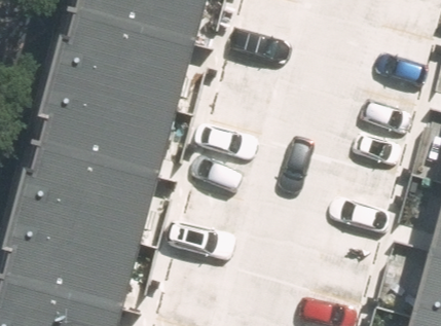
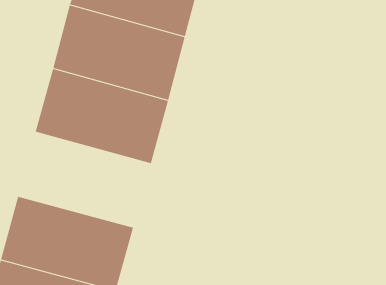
building: [20,140,160,241] -> none

